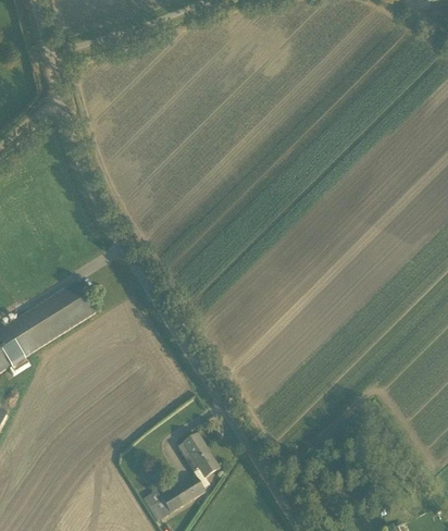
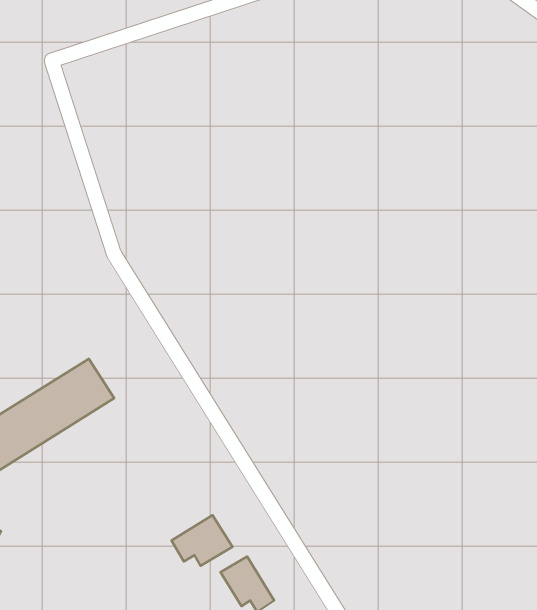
building: none -> [172,515,233,566]

